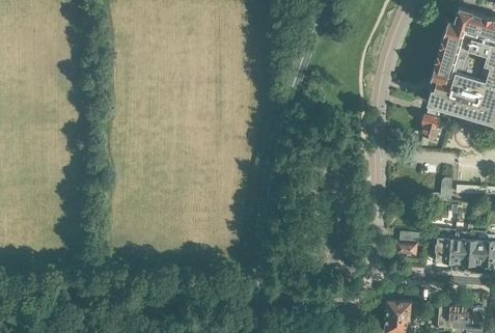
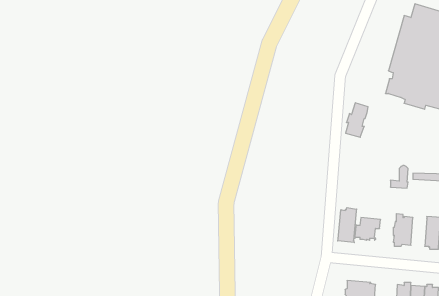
building: [420,105,444,141] -> [346,103,368,137]
building: none -> [338,208,357,243]
building: [453,235,471,268] -> none

